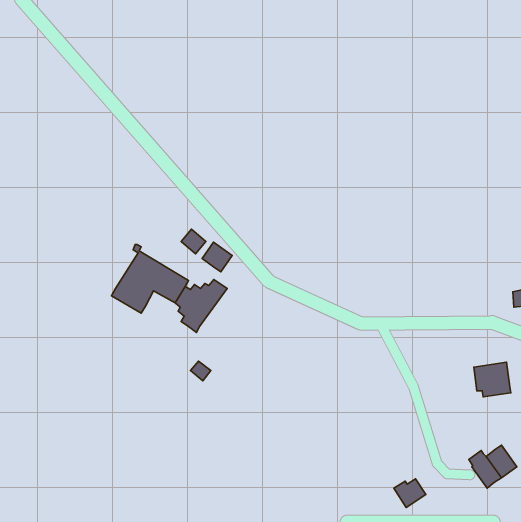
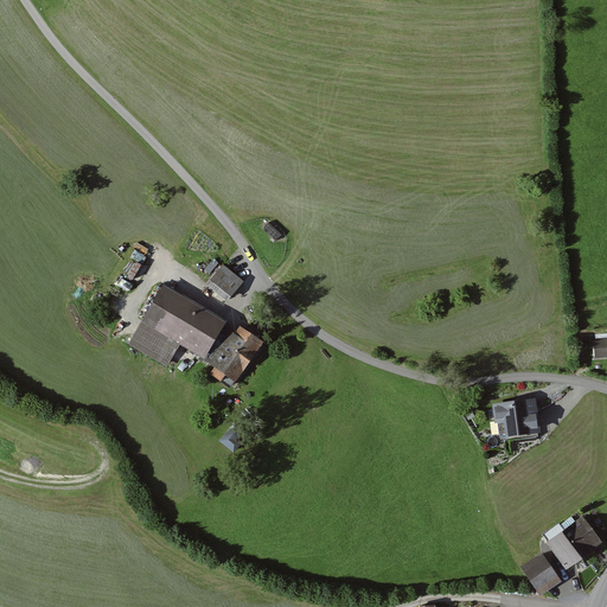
building: [202,242,232,272] -> none
building: [474,362,511,397] -> [496,400,538,440]
building: [394,479,426,508] -> [523,556,560,589]

